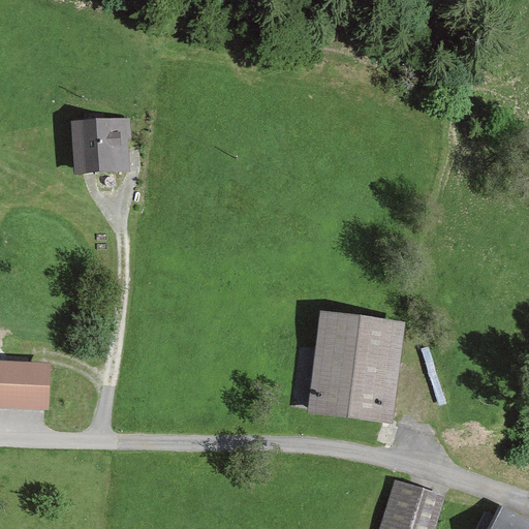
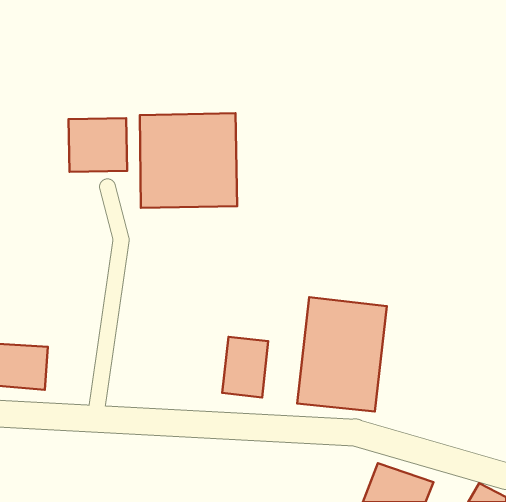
building: none -> [140,113,237,208]
building: none -> [222,337,268,397]

